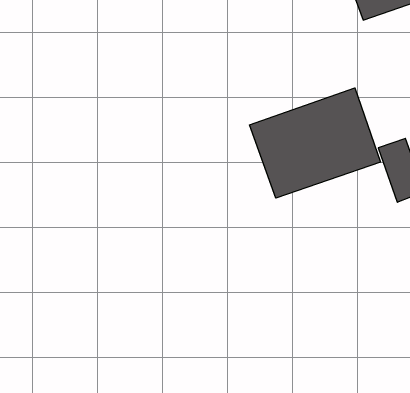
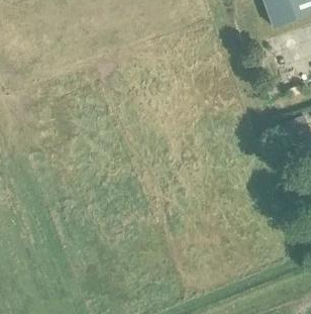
building: [249,88,380,198] -> none

